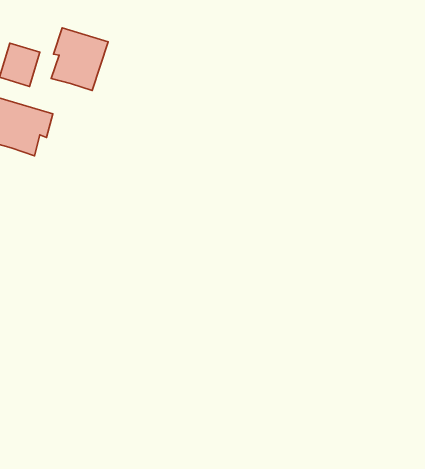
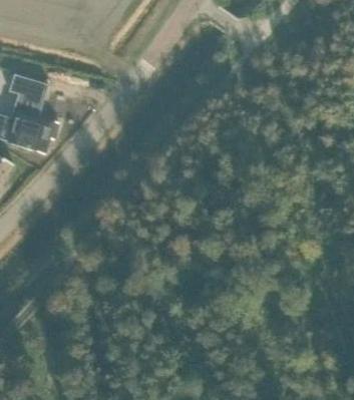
building: [51,28,108,90] -> none

